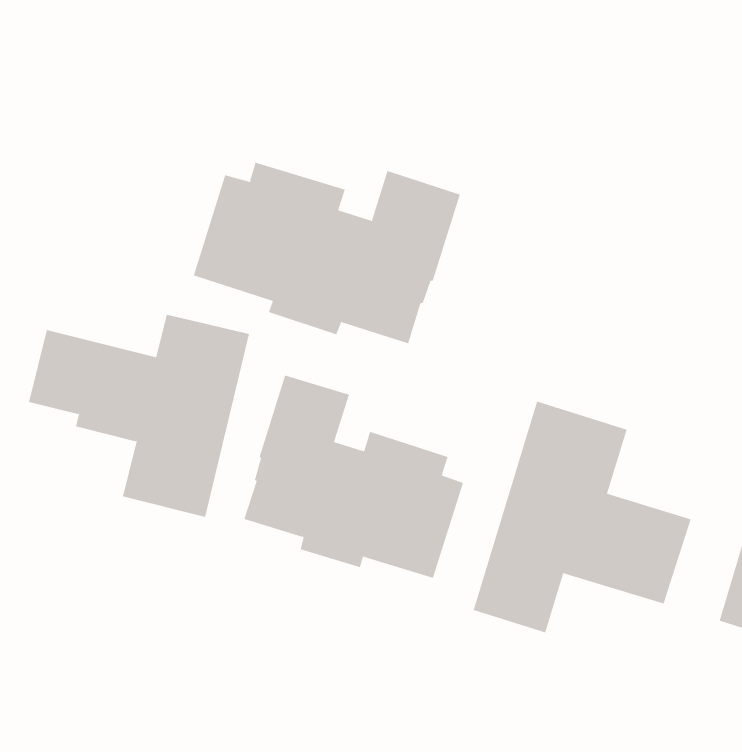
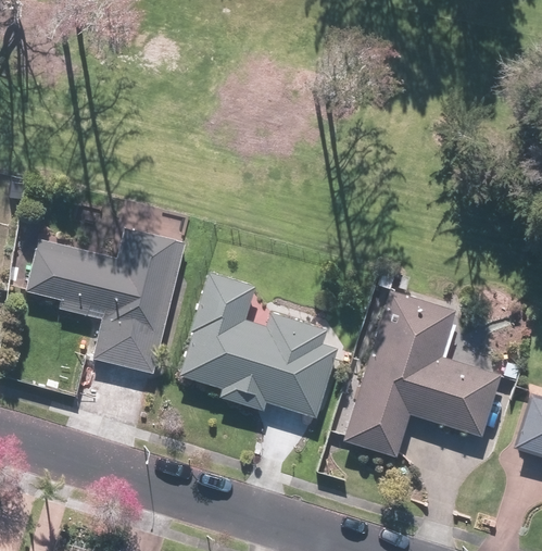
building: [193,162,461,344] -> none

